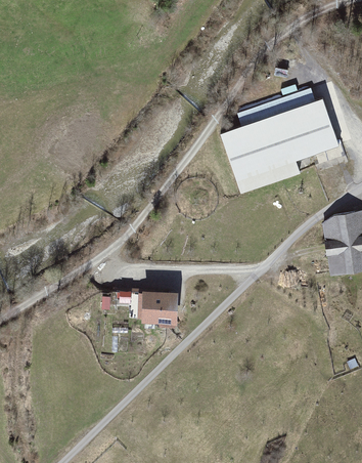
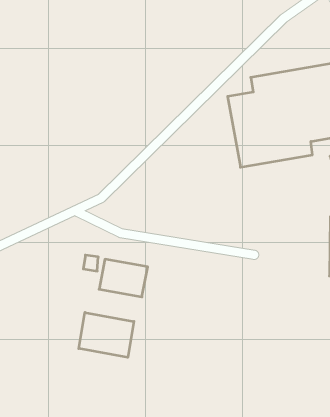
building: none -> [79,312,134,357]

